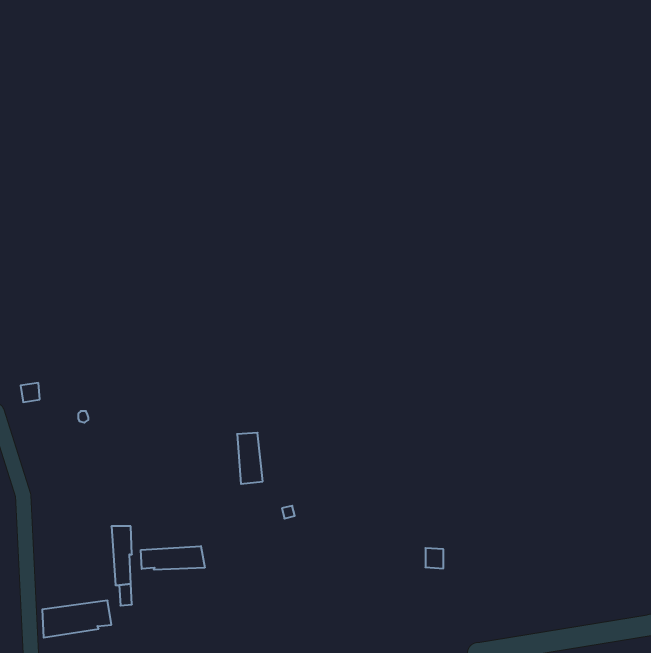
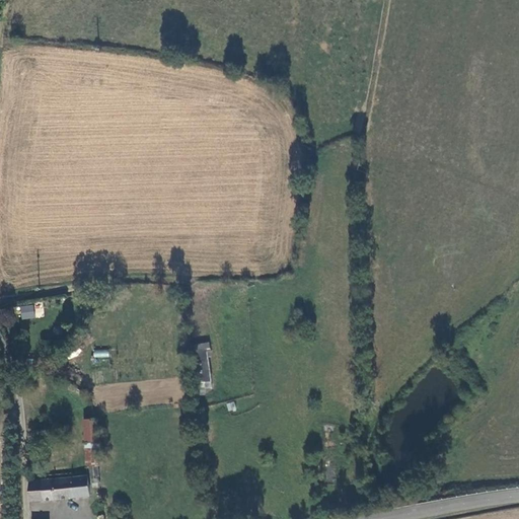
building: [141,546,205,570] -> none

